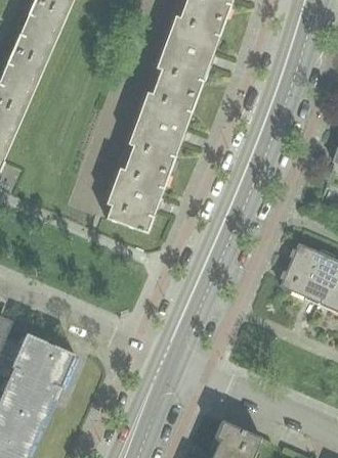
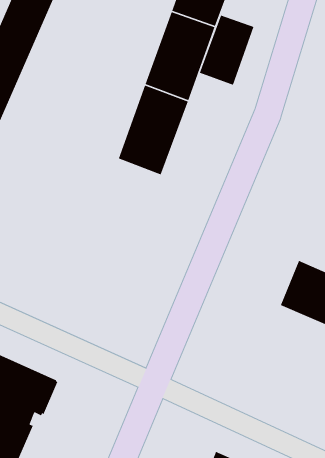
building: none -> [199,15,255,86]
building: [104,151,170,234] -> none

